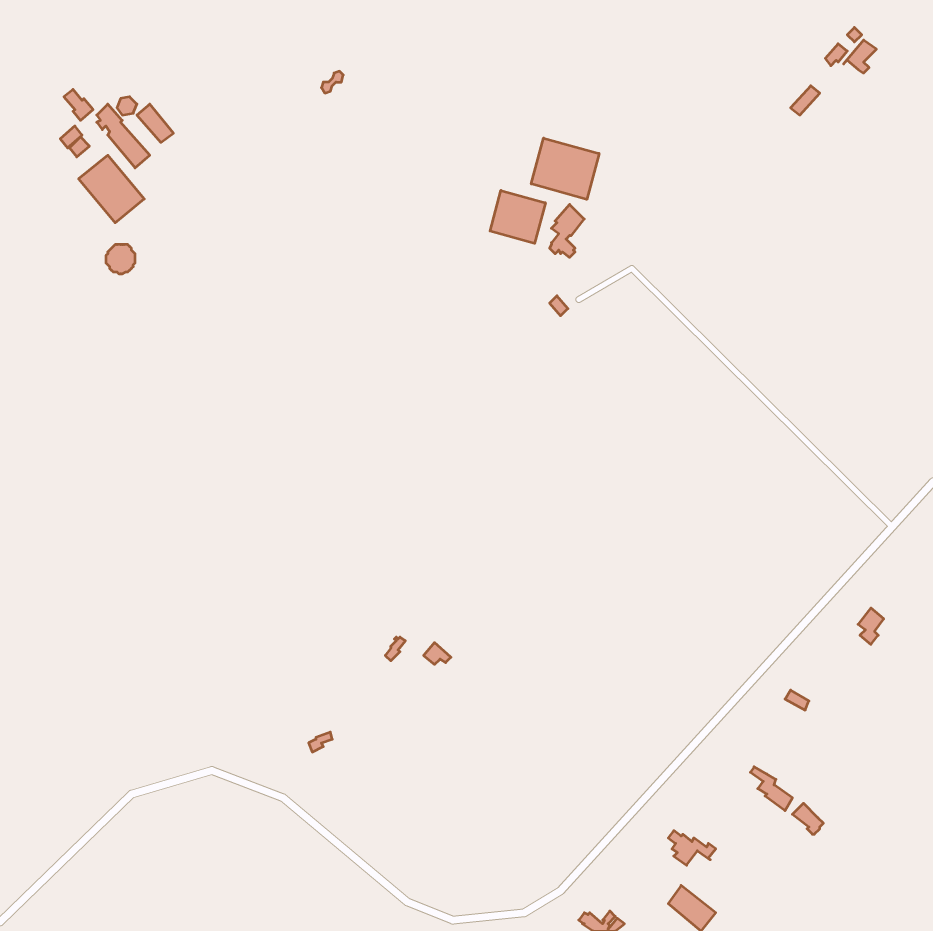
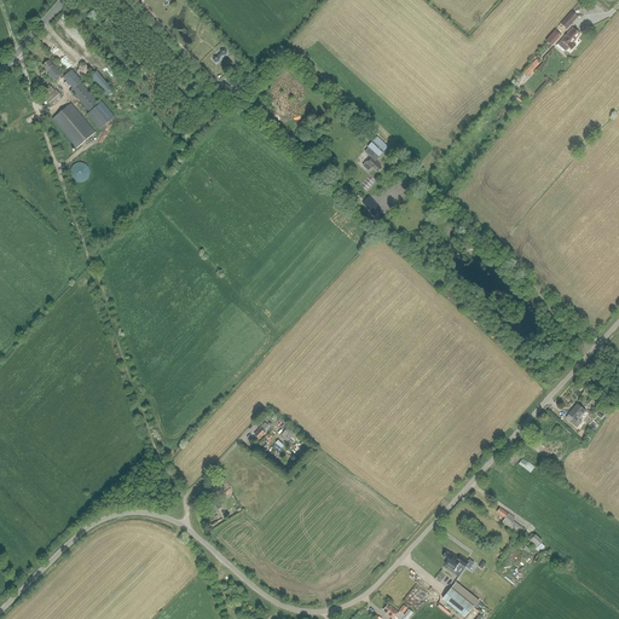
building: [531,138,599,199] -> none
building: [490,190,545,243] -> none

